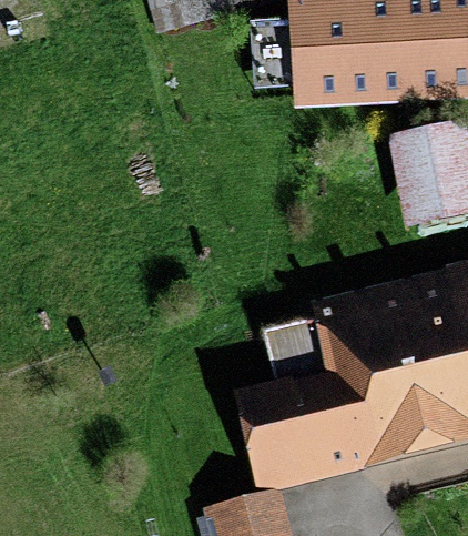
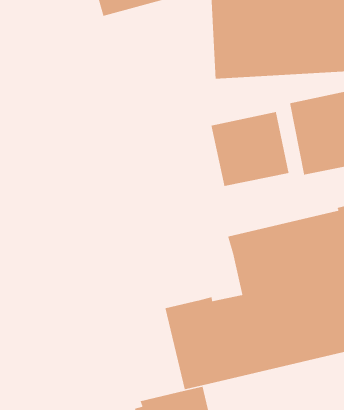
building: none -> [210,111,289,187]

